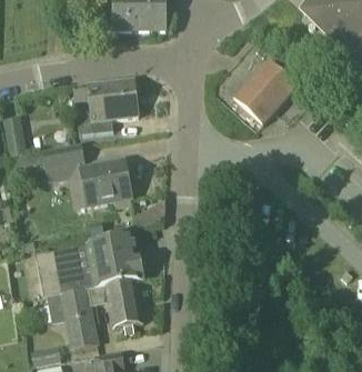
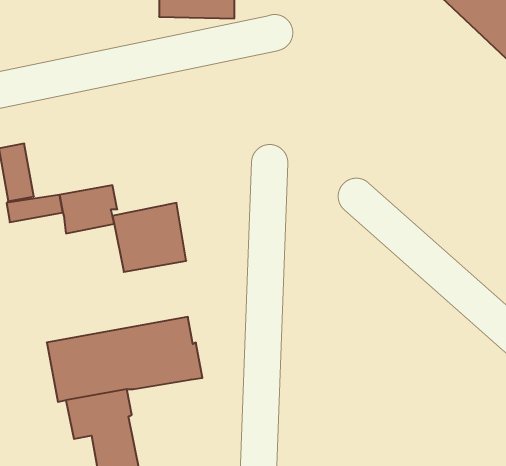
building: [233,60,296,124] -> none
building: [76,78,138,133] -> none
building: [90,280,142,334] -> none

